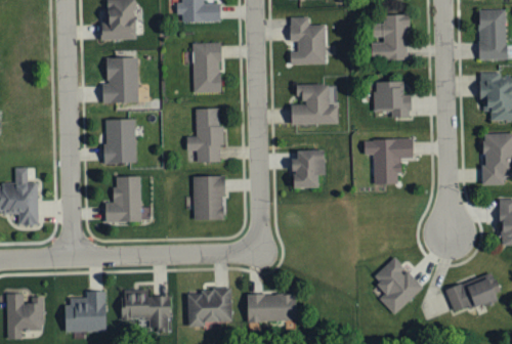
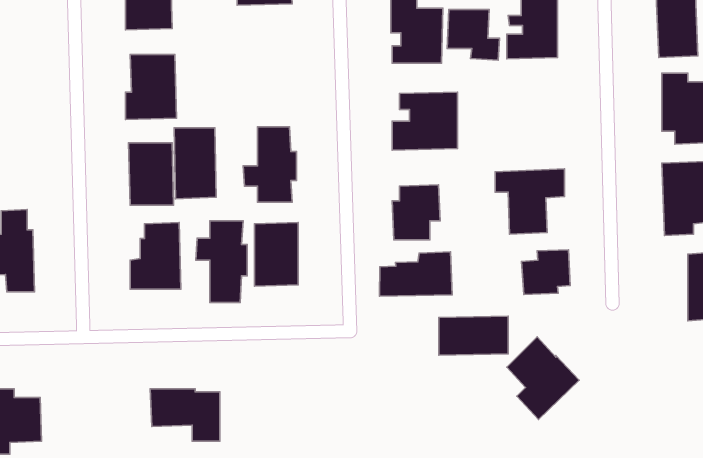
building: [191,43,221,93] -> [174,128,216,199]
building: [374,82,411,118] -> [447,9,499,60]
building: none -> [196,221,247,302]
building: none -> [521,250,570,295]
building: none -> [379,252,452,296]
building: [444,278,496,315] -> none
building: [186,290,231,328] -> none
building: [65,292,105,333] -> none
building: [247,294,296,321] -> [439,316,508,355]

